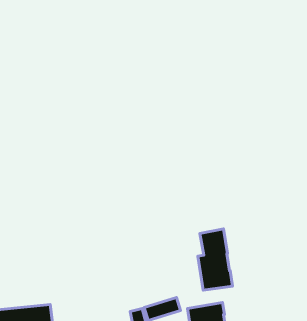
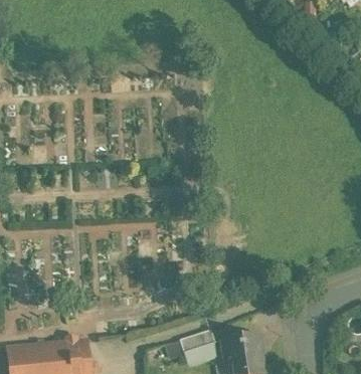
building: [198,229,232,290] -> none

